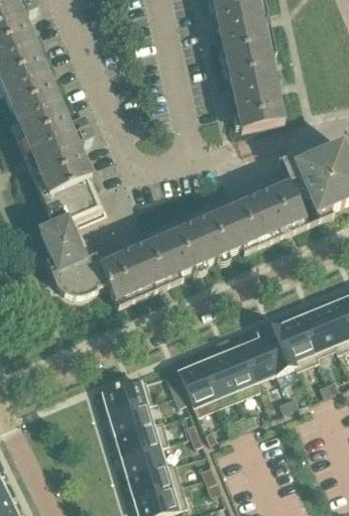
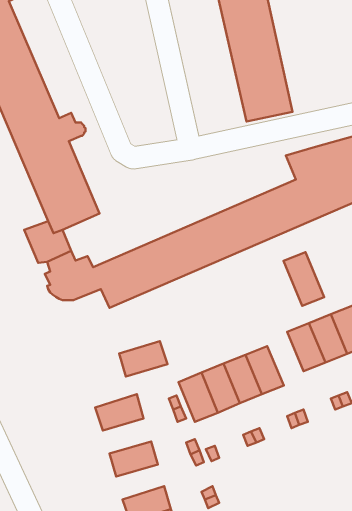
building: [258,321,296,371] -> [284,252,324,306]
building: [109,401,153,433] -> [119,341,167,376]
building: [121,443,165,476] -> none

